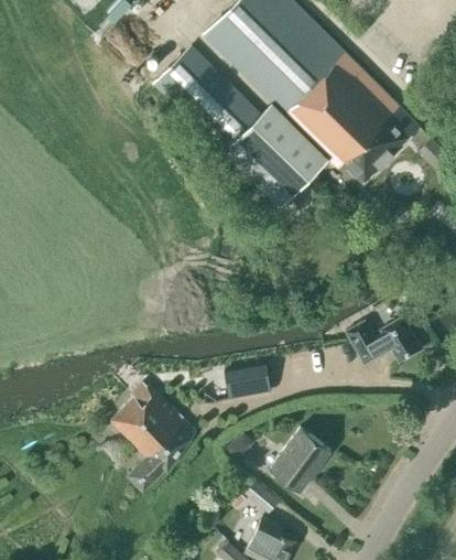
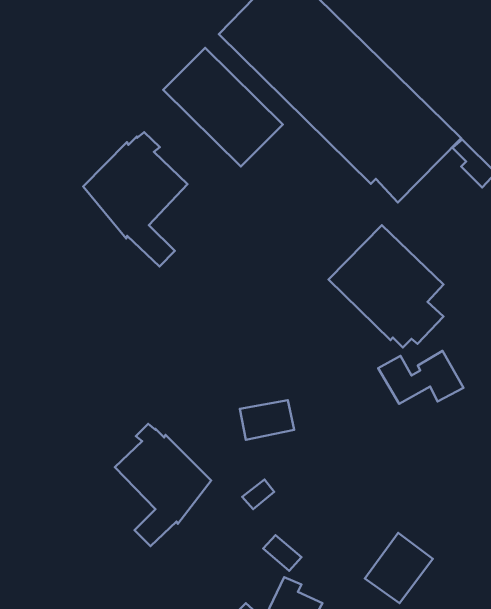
building: [225,105,327,214] -> [329,225,444,347]
building: none -> [83,132,188,267]
building: [270,428,330,491] -> [365,533,433,603]

